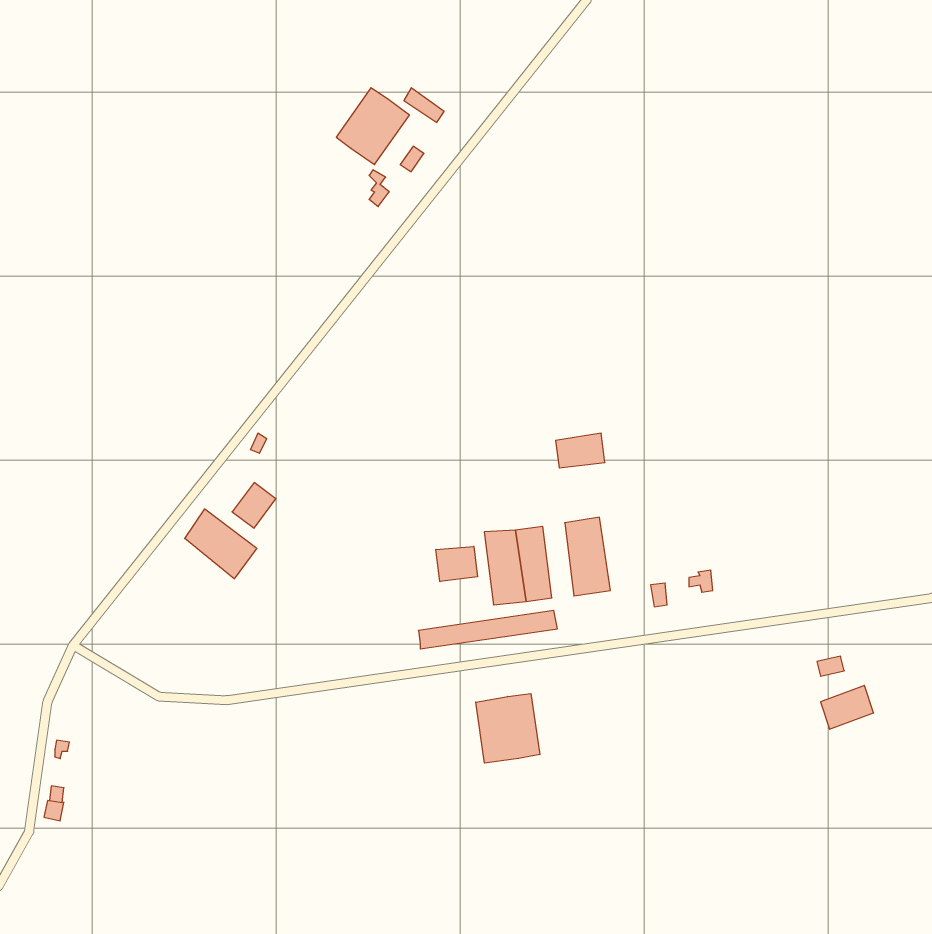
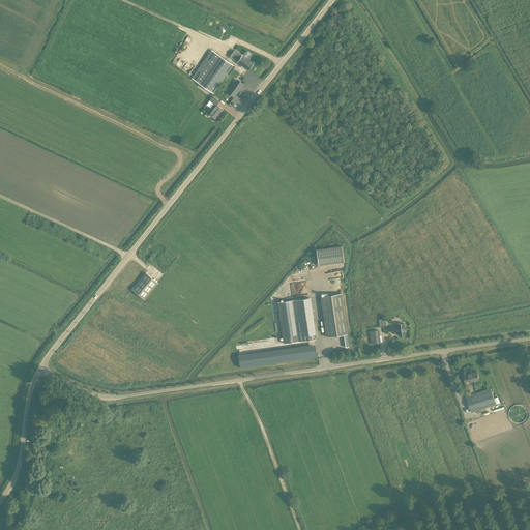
building: [185,509,257,579] -> none
building: [436,546,477,582] -> none
building: [476,694,540,763] -> none

